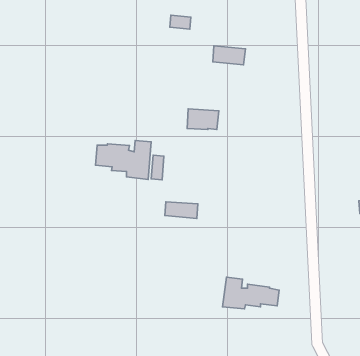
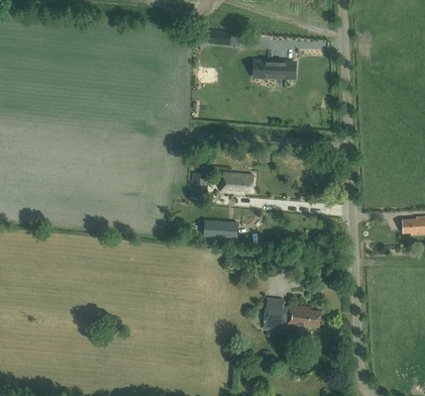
building: [187,109,219,130] -> [221,172,253,193]
building: [95,140,151,180] -> none

